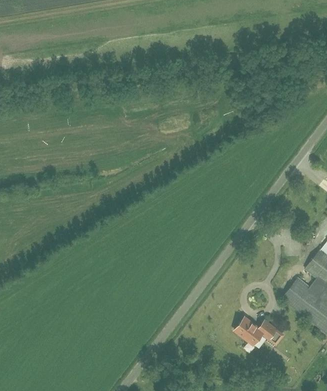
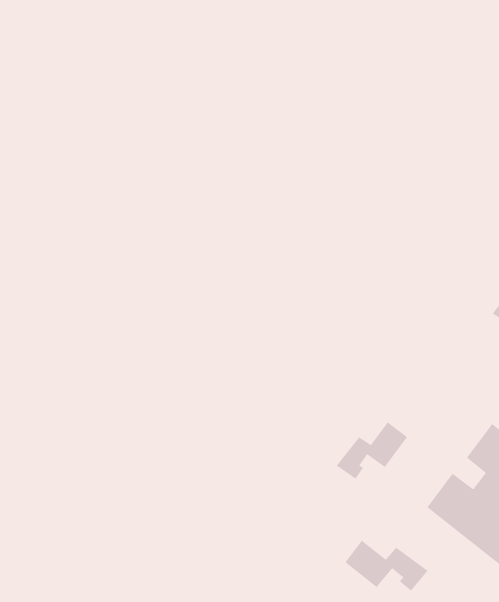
building: none -> [336,422,408,480]

